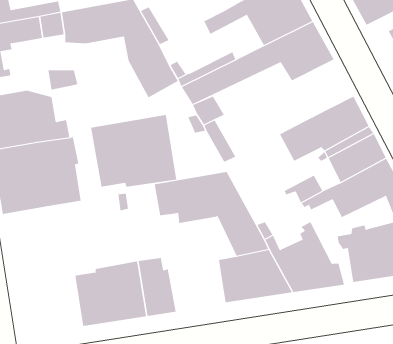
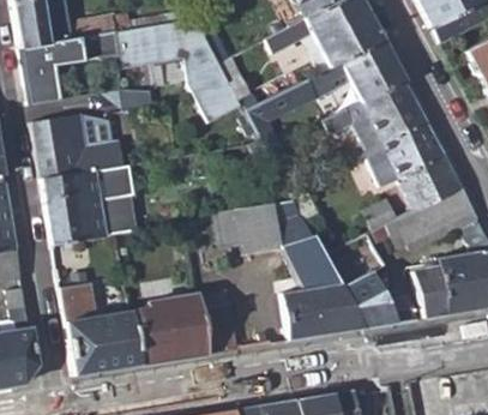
building: none -> [339,82,426,143]
building: [91,114,177,187] -> none
building: none -> [59,282,138,375]

